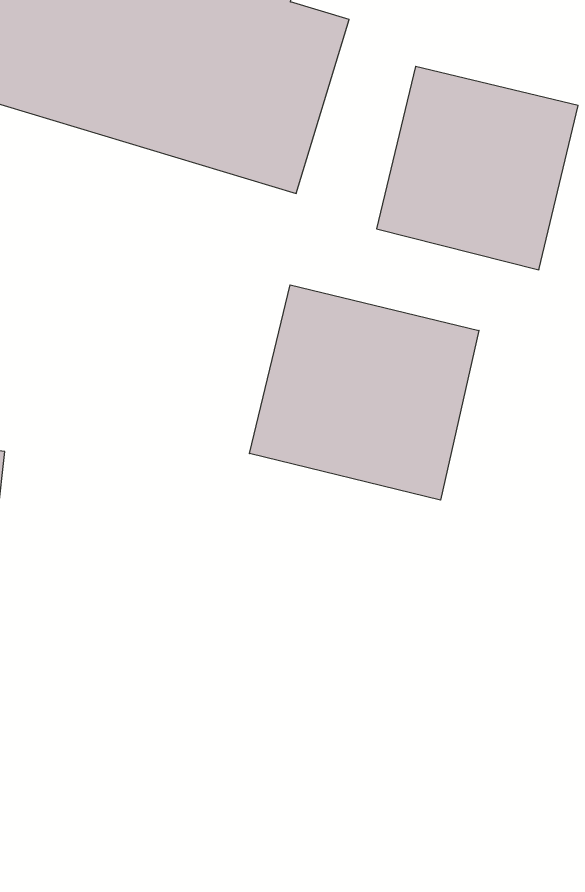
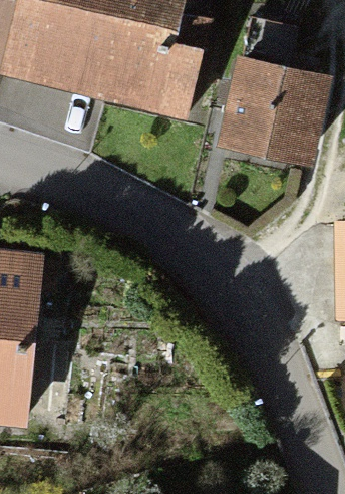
building: [249,285,479,500] -> none

